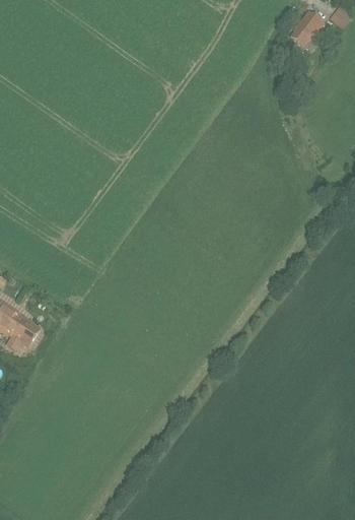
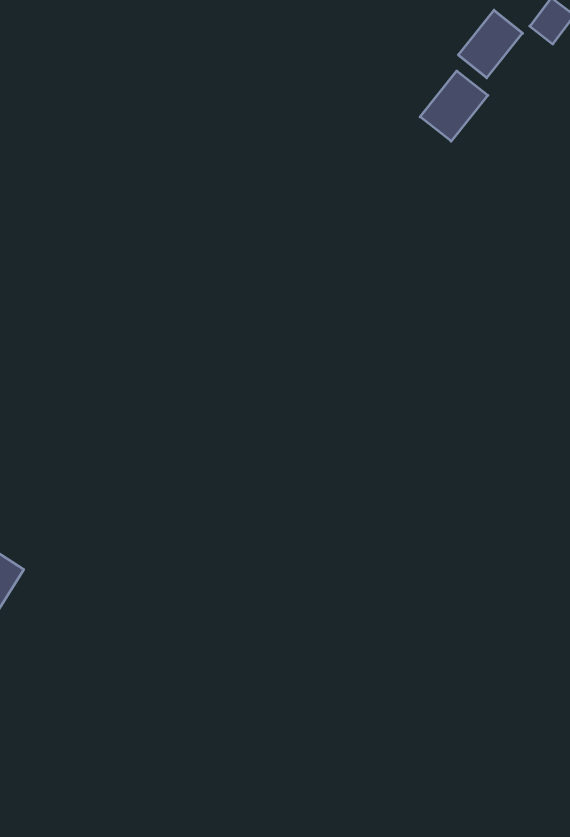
building: none -> [420,71,488,141]

